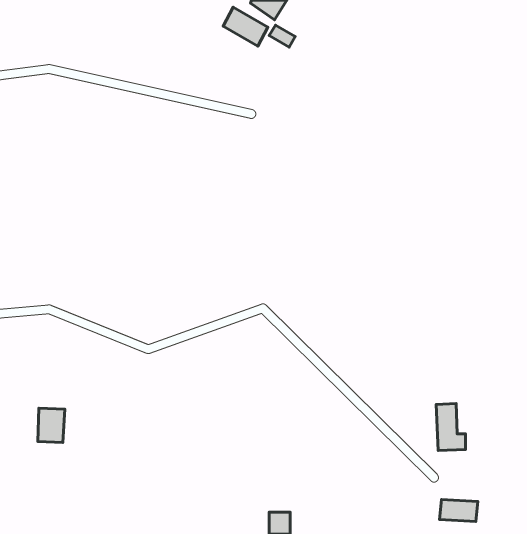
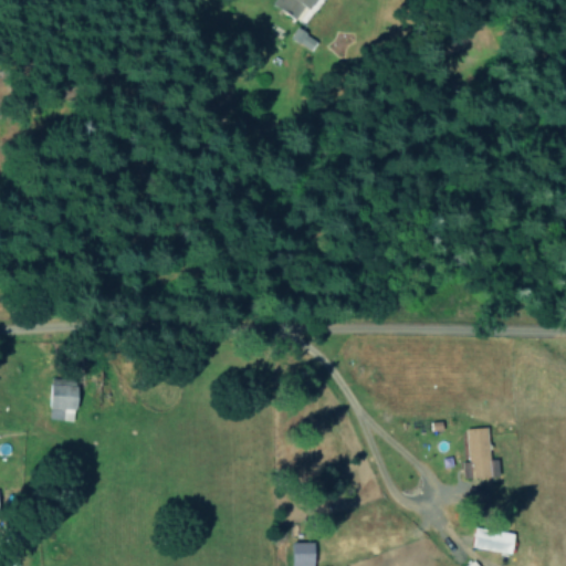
building: [223,7,268,46] -> none
building: [38,408,65,443] -> [49,384,77,420]

